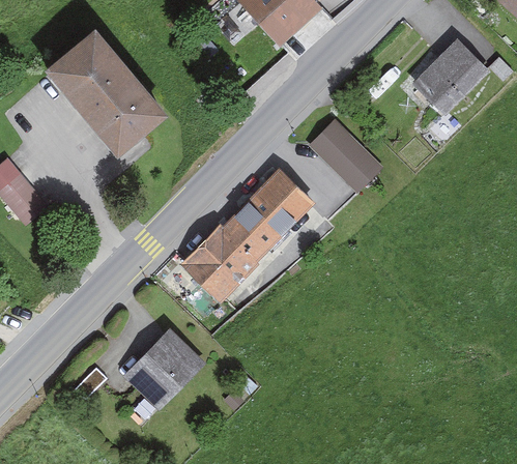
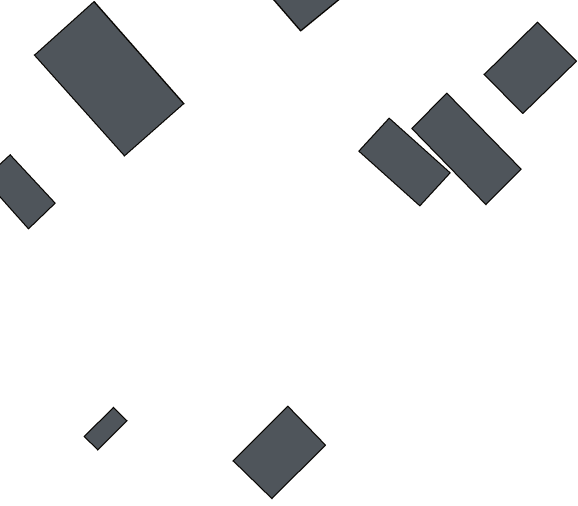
building: none -> [412,93,521,205]
building: [178,174,312,308] -> none
building: [128,328,207,407] -> [233,406,325,499]

